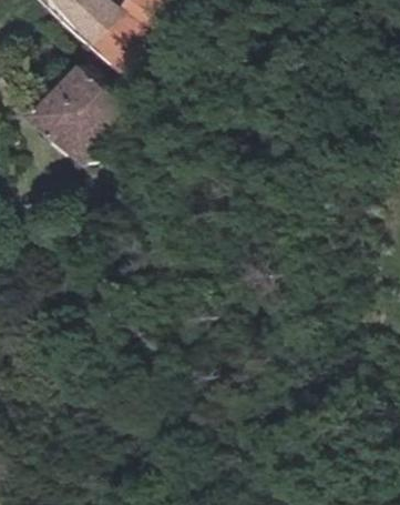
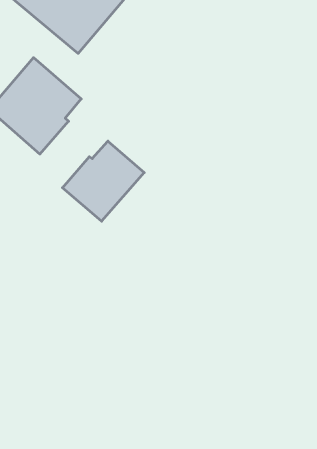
building: none -> [62,141,144,221]

